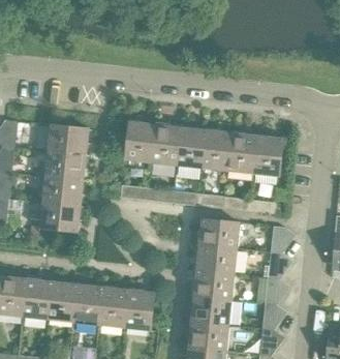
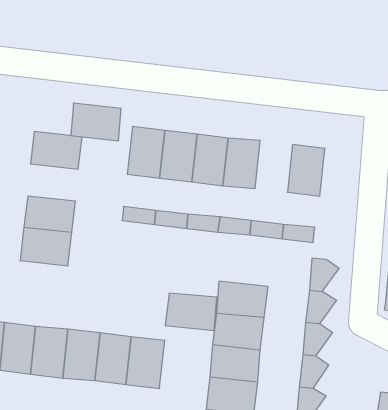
building: [227,132,257,174] -> none
building: [45,151,86,181] -> [71,103,121,141]
building: [198,219,240,249] -> [165,293,217,331]

